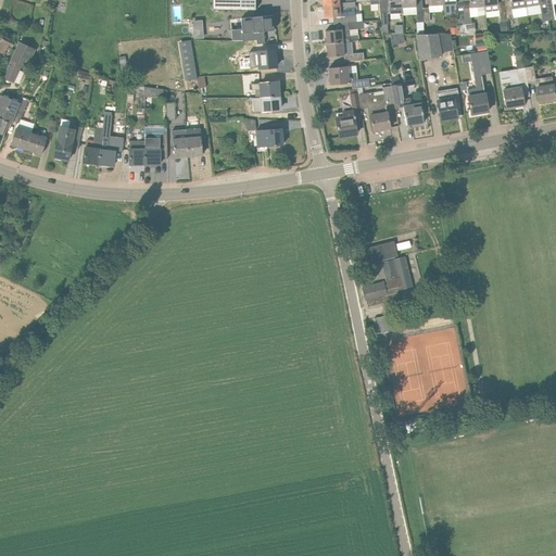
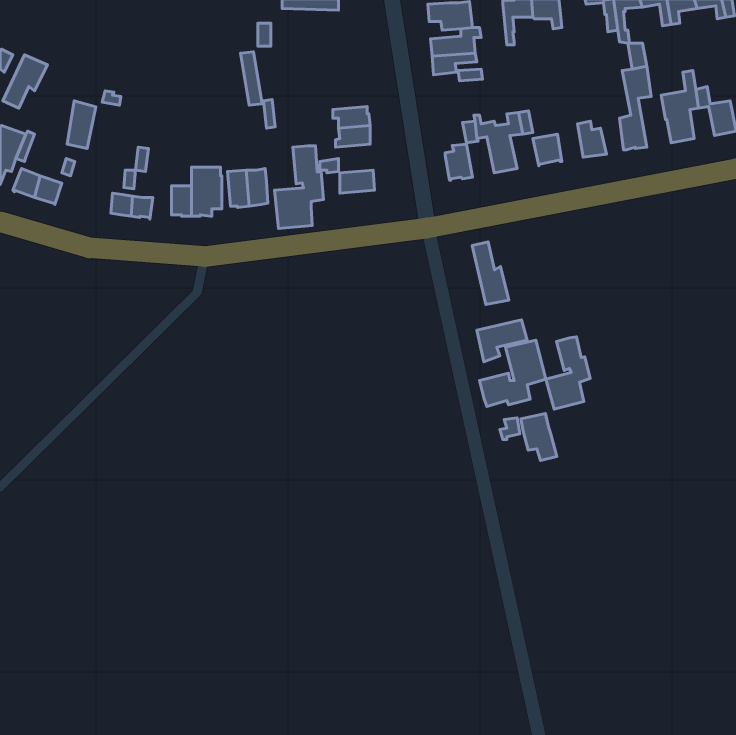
building: [241,14,274,43] -> none
building: [416,33,442,59] -> none
building: [249,49,276,67] -> none
building: [328,65,375,88] -> none
building: none -> [275,146,323,228]
building: [53,124,75,160] -> [67,101,96,149]
building: none -> [472,242,509,305]
building: none -> [546,337,590,409]
building: none -> [521,414,557,461]

